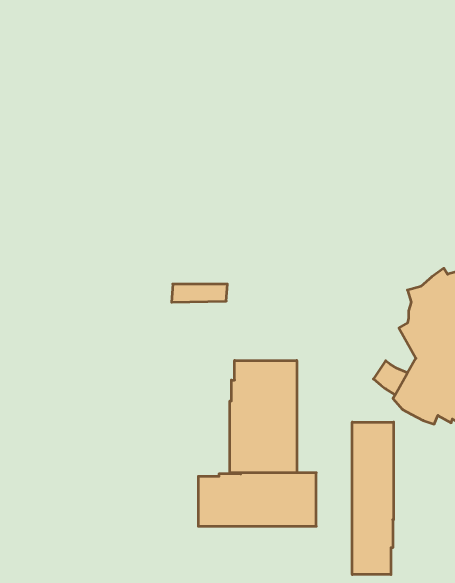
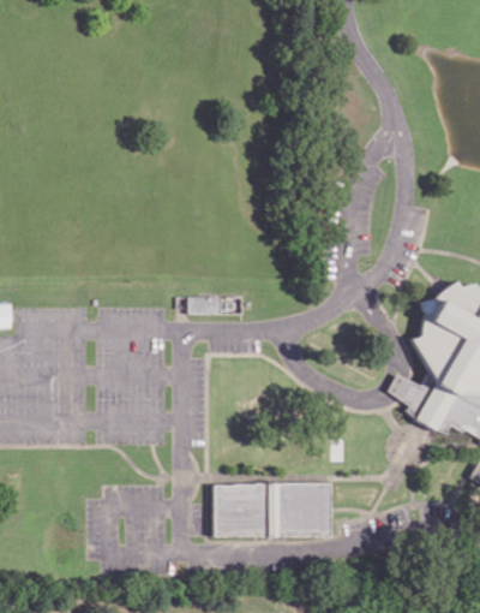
building: [230,360,297,473] -> none
building: [352,422,394,575] -> none

